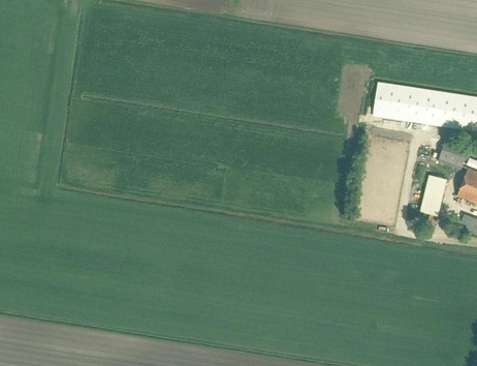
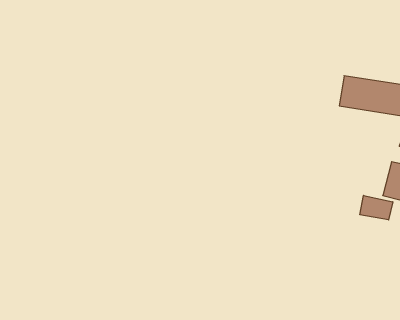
building: none -> [360,195,393,220]

